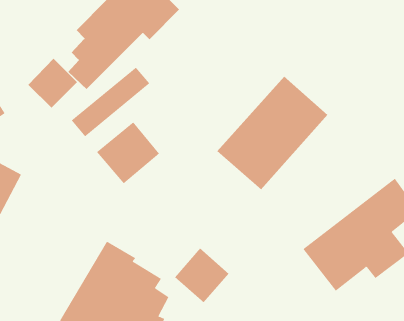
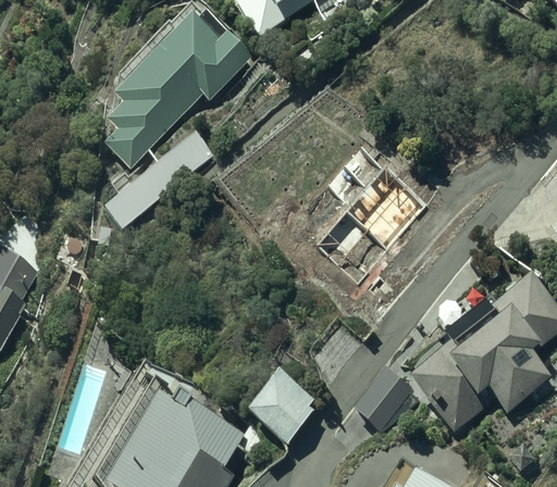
building: [27,58,78,108] -> none
building: [96,122,160,184] -> none
building: none -> [350,358,417,425]

